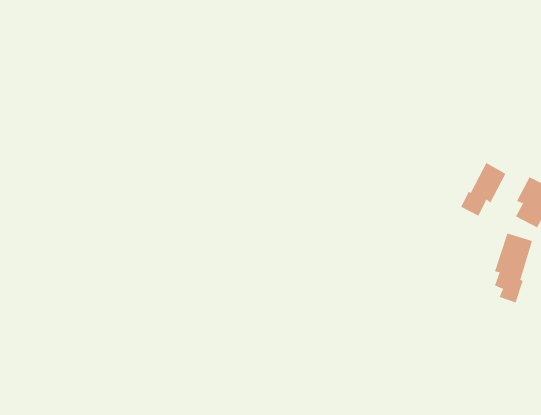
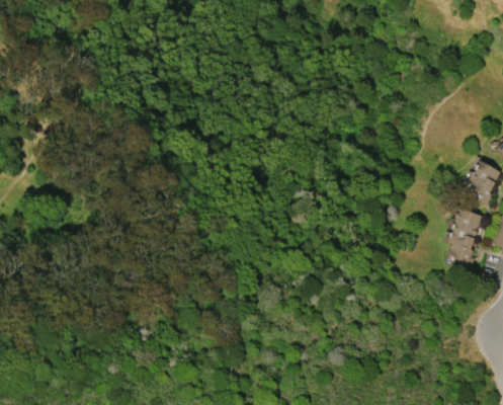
building: [460,162,506,216] -> none

